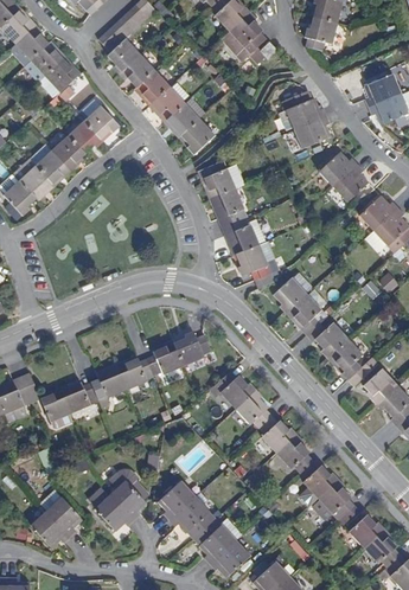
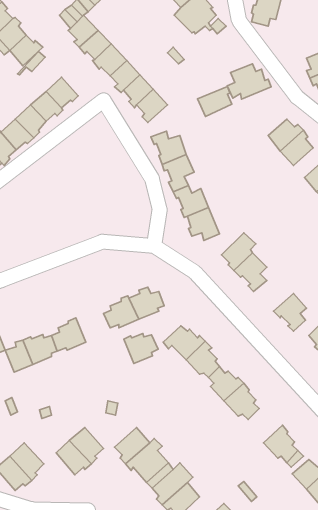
building: [294,116,331,148] -> [198,87,232,116]
building: [307,322,350,357] -> none
building: [116,358,153,390] -> [124,334,158,363]
building: [301,461,338,505] -> none

